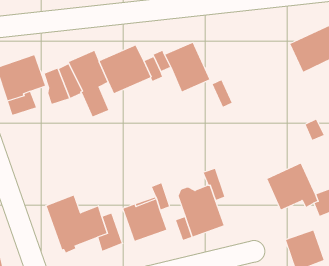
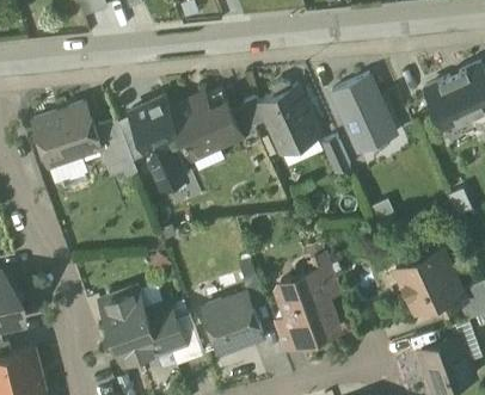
building: none -> [332,75,397,153]

